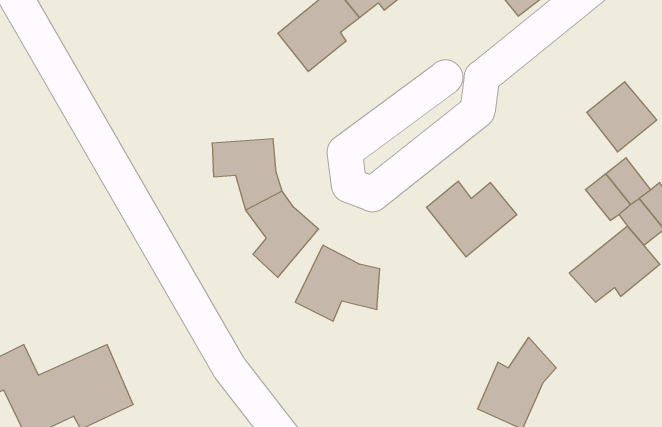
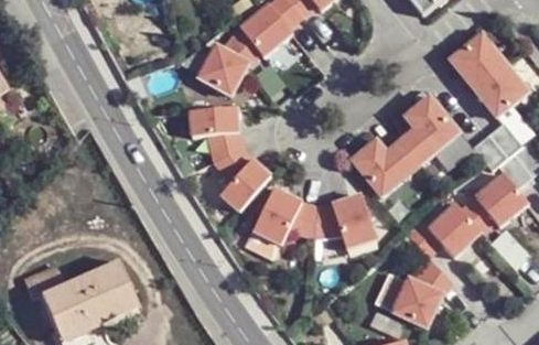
building: none -> [197,28,258,95]
building: none -> [450,35,502,87]
building: none -> [400,96,459,164]
building: none -> [314,194,376,249]
building: none -> [406,203,479,256]

